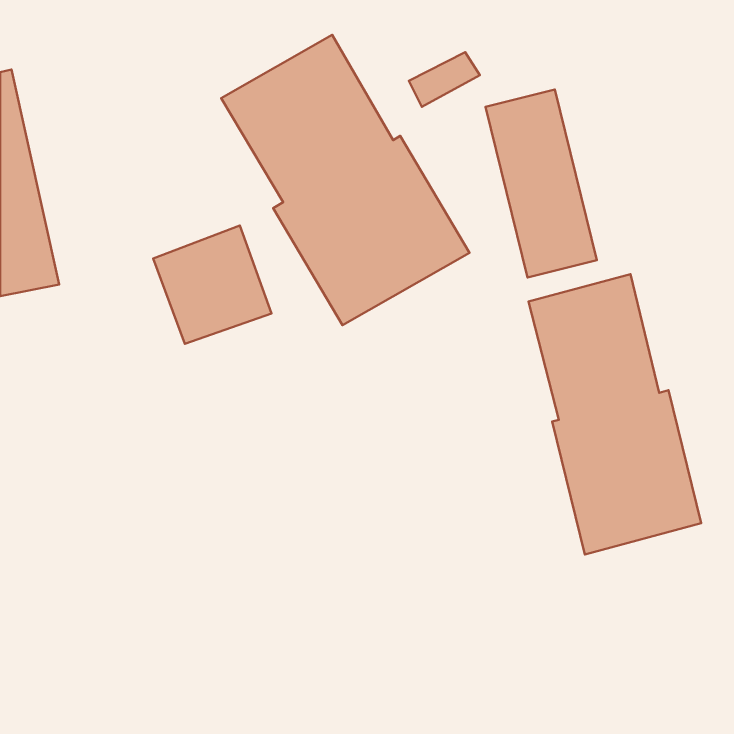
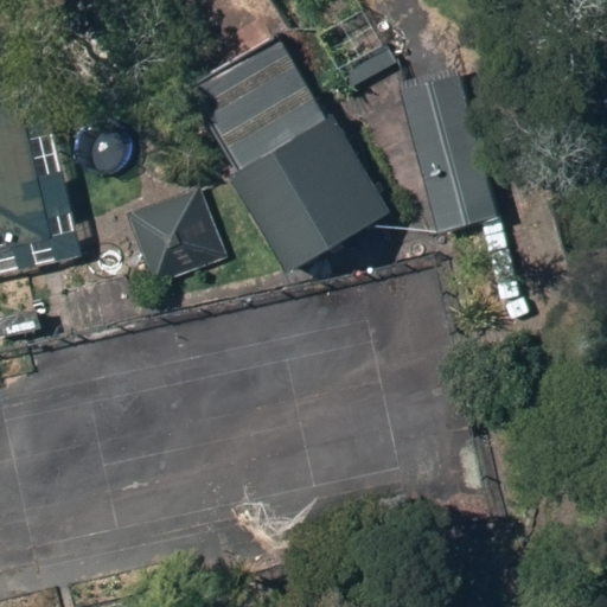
building: [528,274,701,554] -> none

